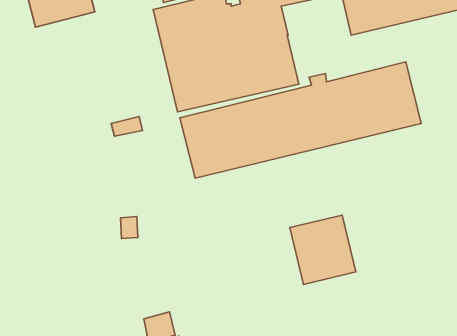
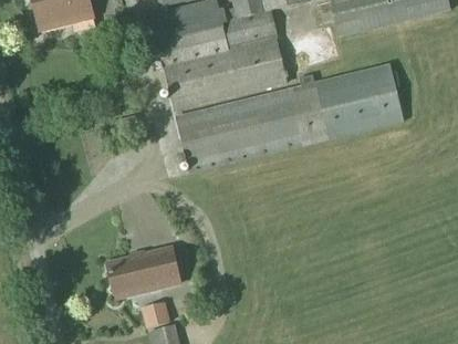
building: [290,215,356,284] -> none
building: none -> [107,247,180,298]

